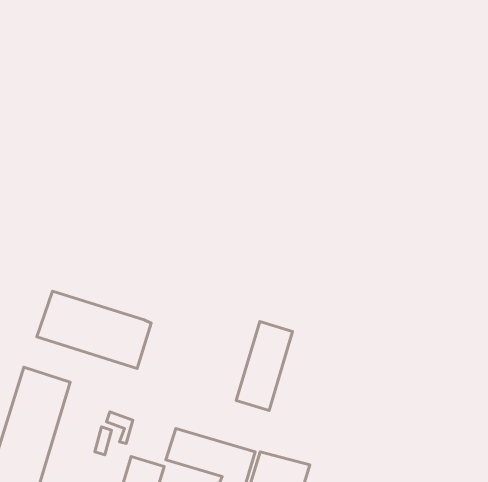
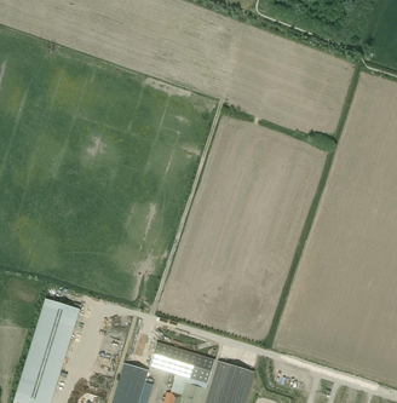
building: [37,291,151,368] -> none
building: [236,321,293,410] -> none

